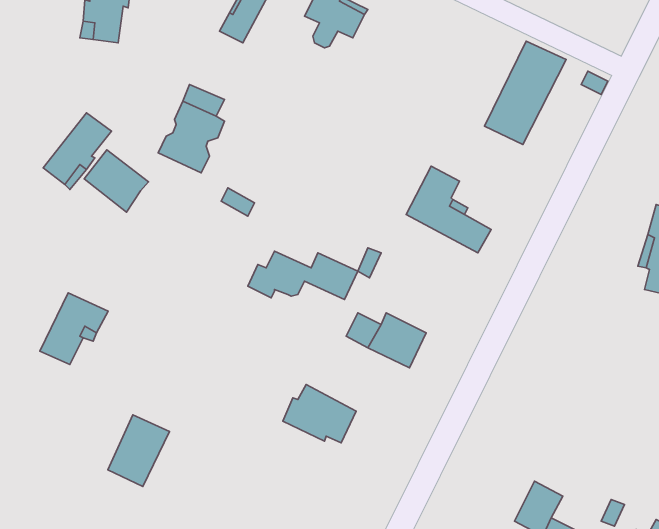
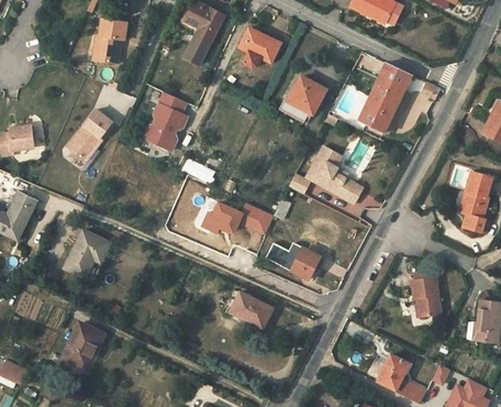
building: none -> [282,77,325,123]
building: [84,150,148,212] -> none
building: none -> [411,277,439,317]
building: [108,415,170,487] -> [63,322,103,370]

